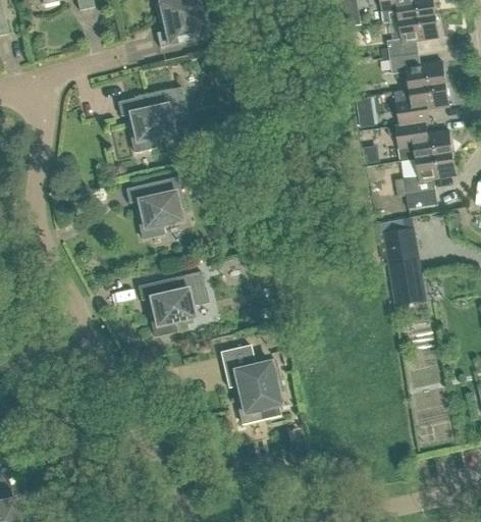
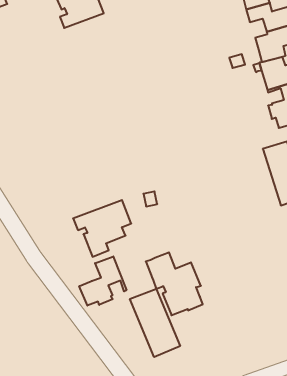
building: [116,86,188,151] -> none
building: [124,175,186,239] -> none
building: none -> [79,256,126,306]
building: none -> [130,289,180,357]

